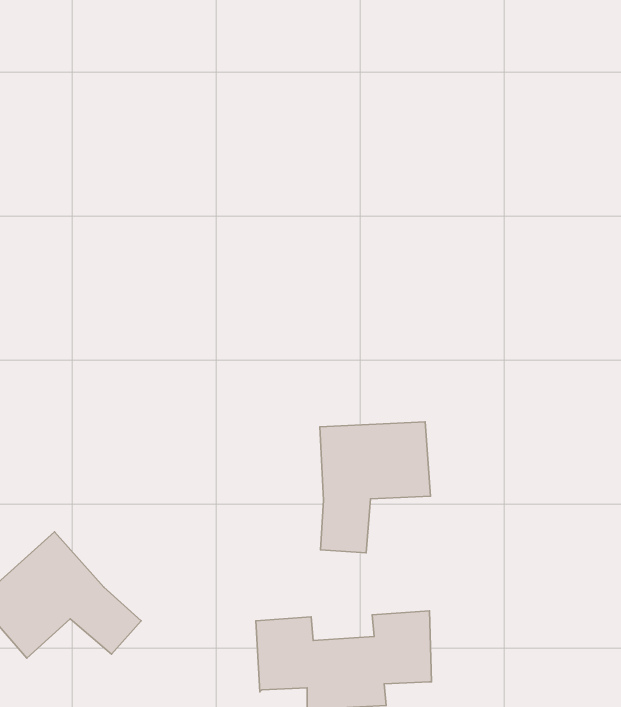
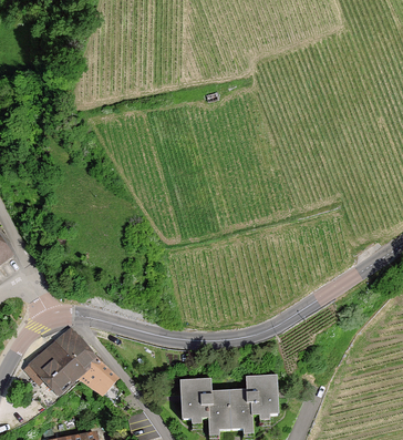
building: [320,422,431,553] -> none

